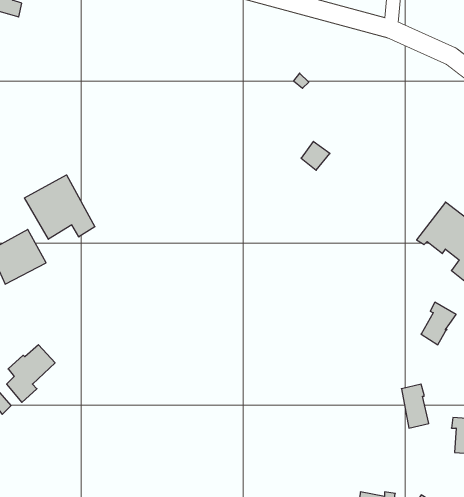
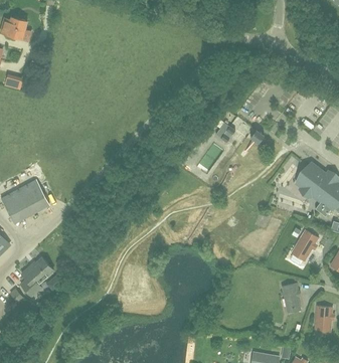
building: [24,175,95,239] -> none

